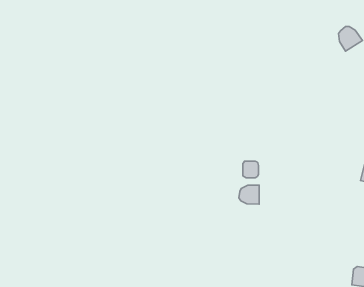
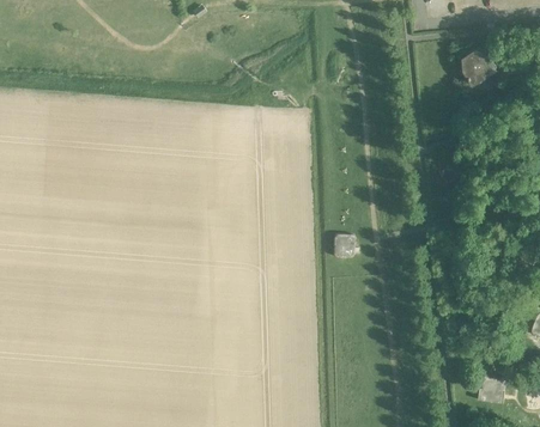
building: [239,185,259,204] -> none

